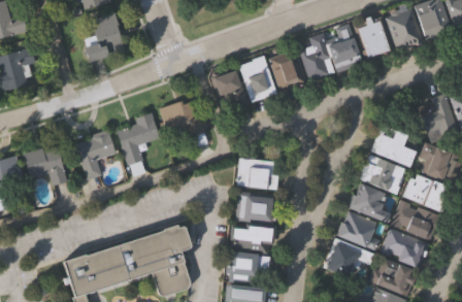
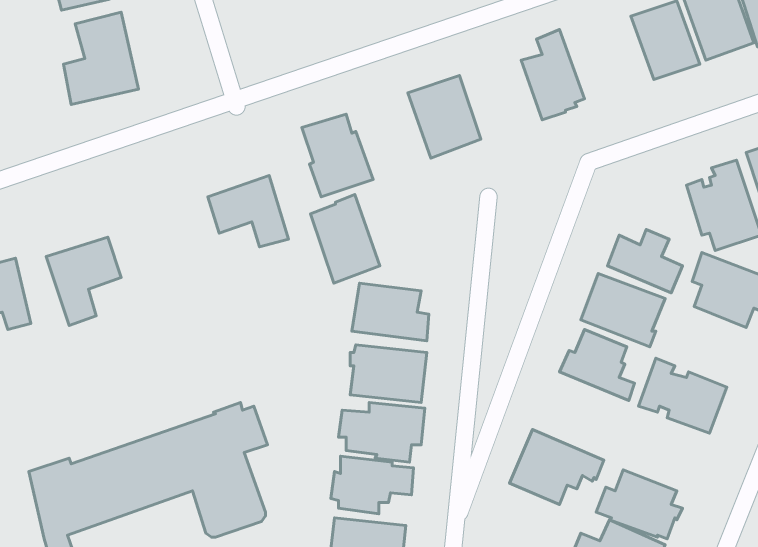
building: [355,12,396,61] -> none
building: [298,31,334,80] -> none
building: [241,54,278,101] -> [311,195,380,283]
building: [118,114,159,168] -> none
building: [404,172,450,211] -> none
building: [339,210,380,250] -> none
building: [381,228,430,268] -> none

